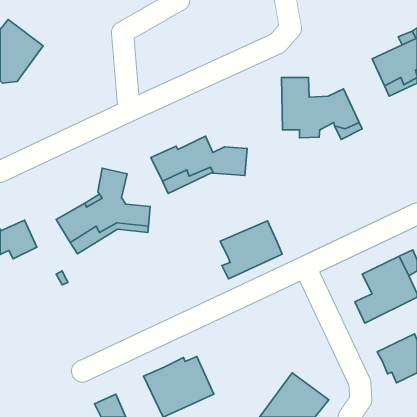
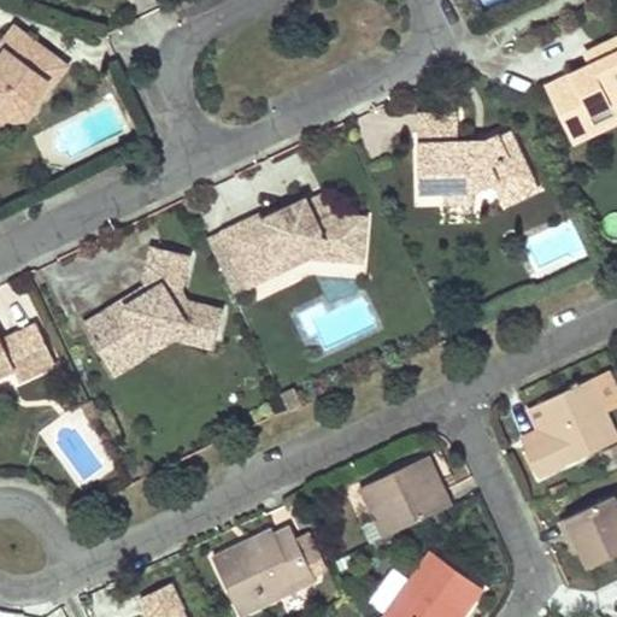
building: [220,221,282,279] -> [366,454,458,540]

